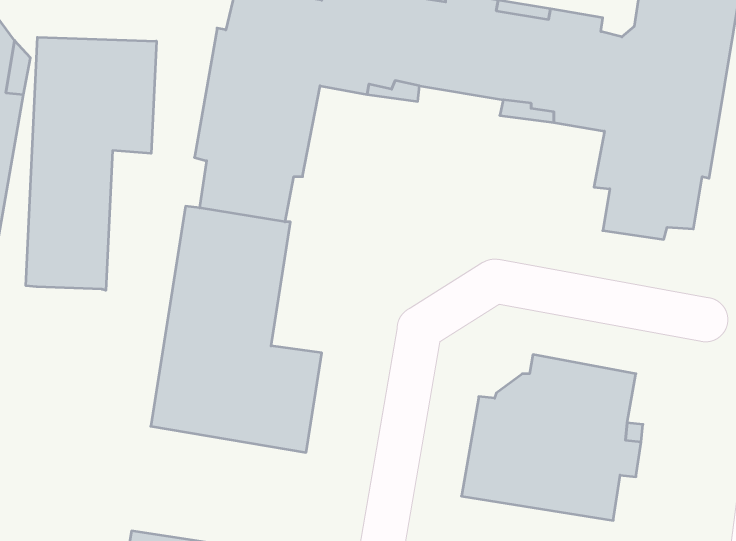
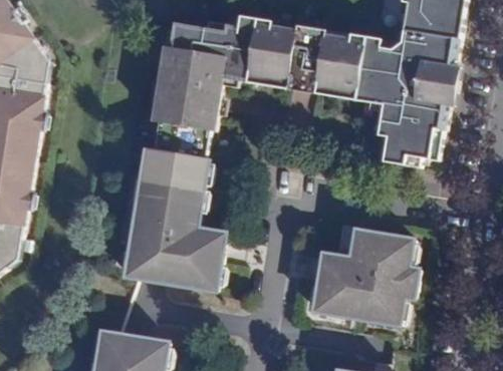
building: [26,37,156,290] -> none

